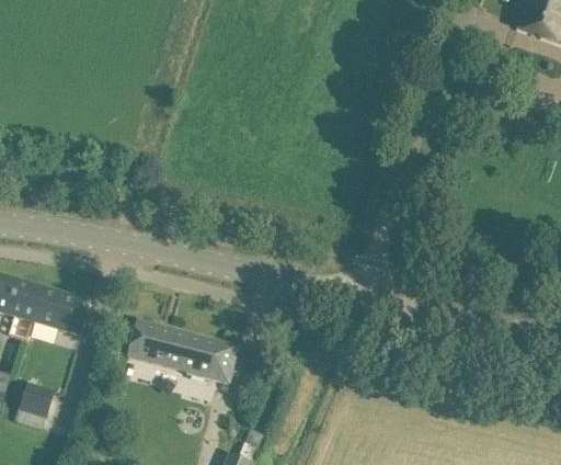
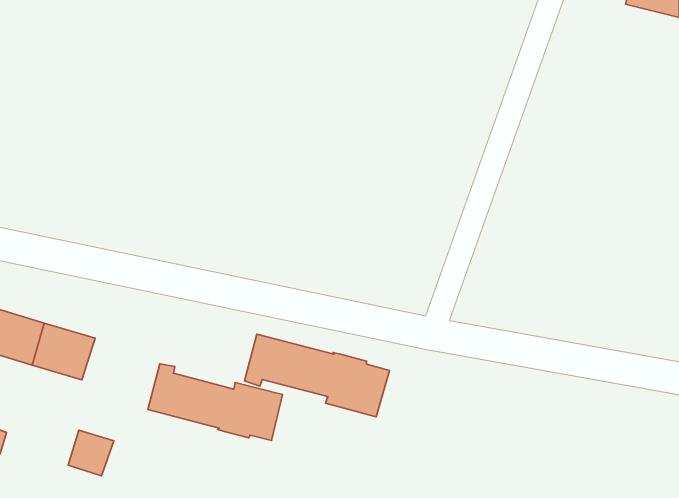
building: none -> [245,334,390,417]
building: [18,379,55,417] -> [68,430,114,476]

